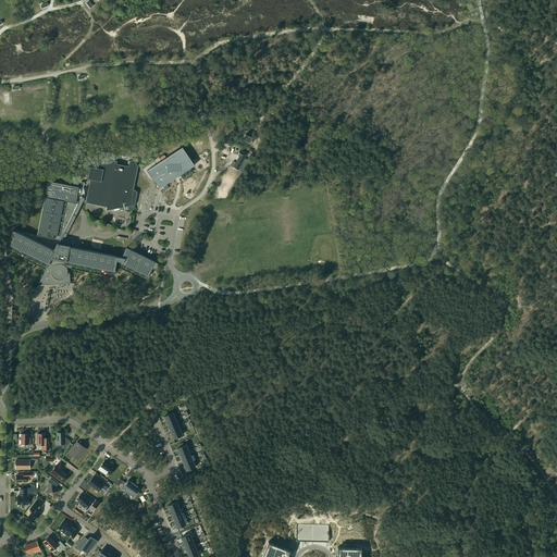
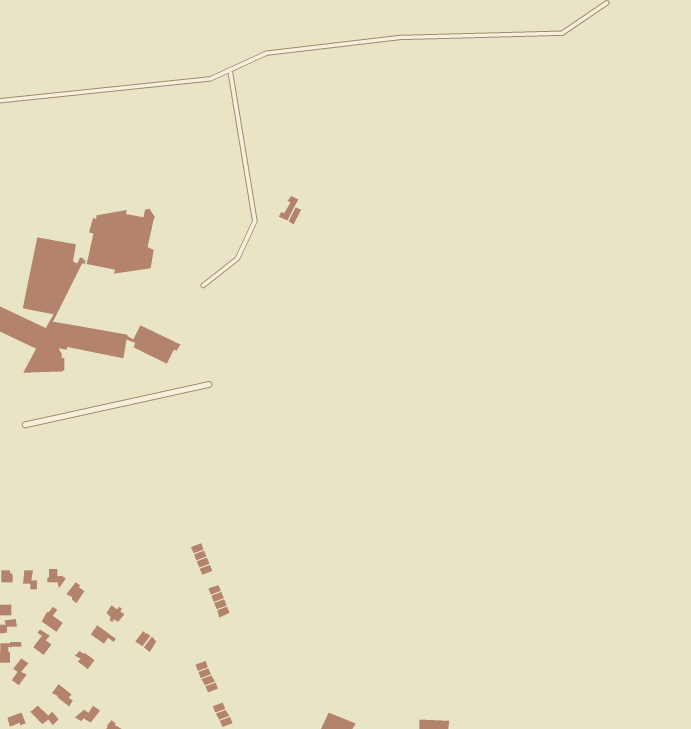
building: [146,149,190,188] -> none
building: [295,525,327,543] -> none

